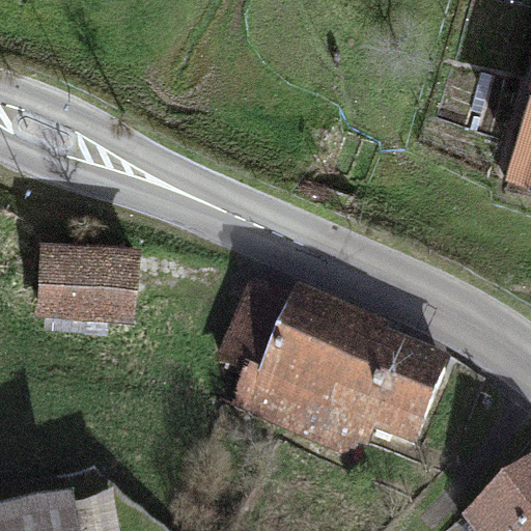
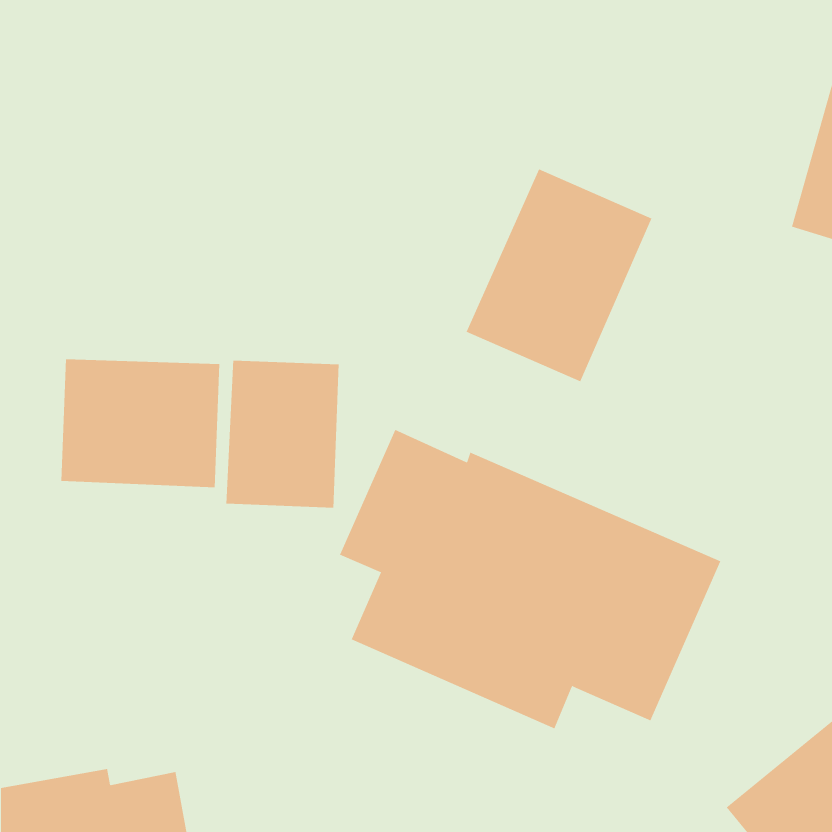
building: none -> [466,169,652,382]
building: none -> [226,360,339,508]

